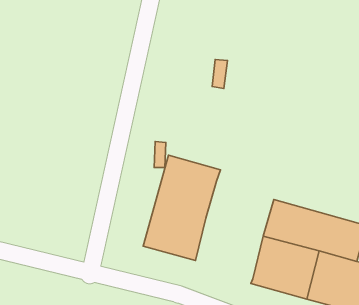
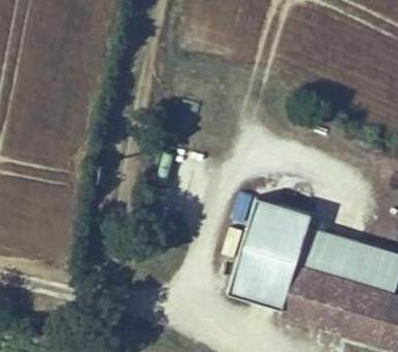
building: [143,155,220,261] -> [224,198,306,311]

